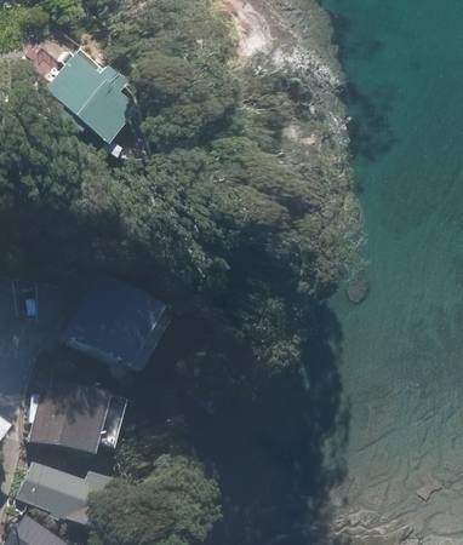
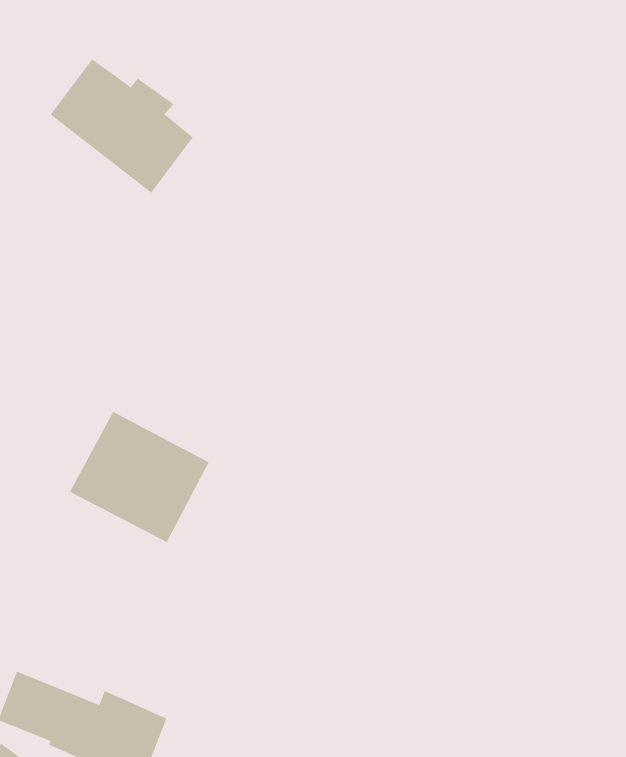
building: [35,385,116,460] -> none

